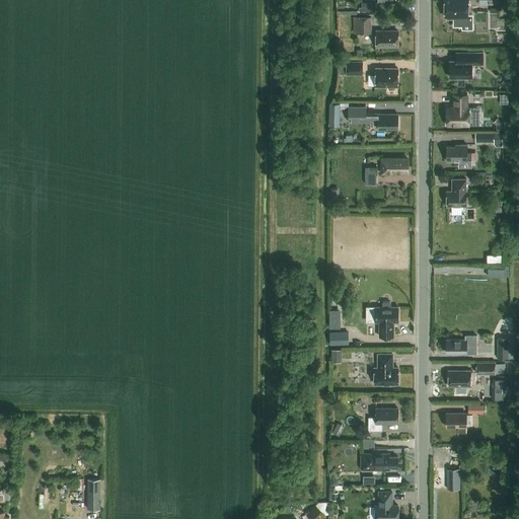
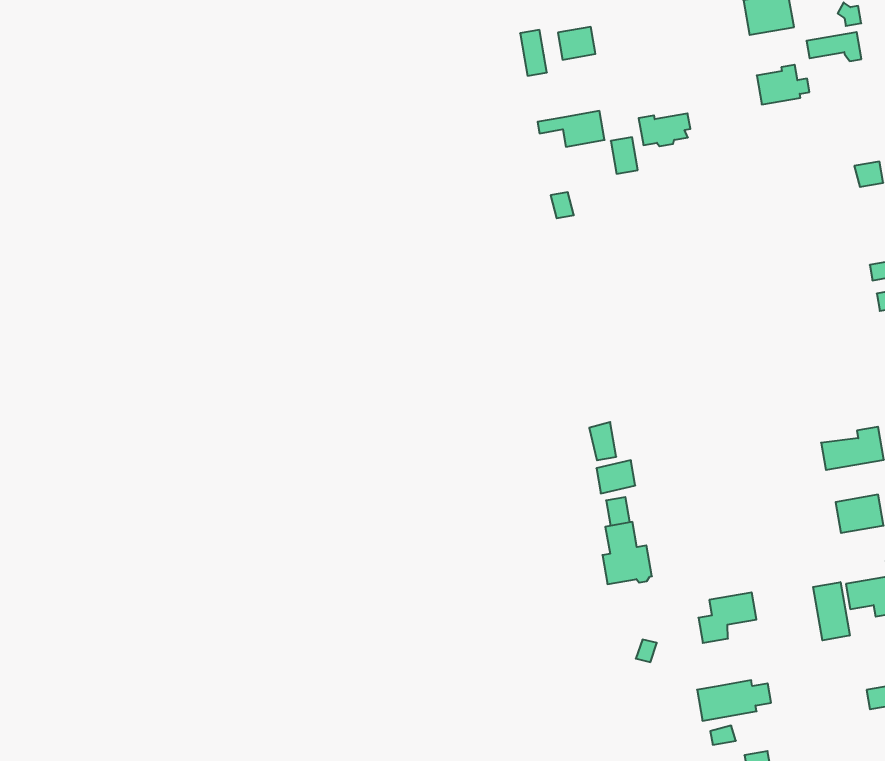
building: [366,115,398,130] -> [538,111,605,147]
building: [446,179,466,207] -> none
building: [375,302,397,337] -> none
building: [374,355,397,386] -> [602,522,652,584]
building: none -> [813,582,850,640]

